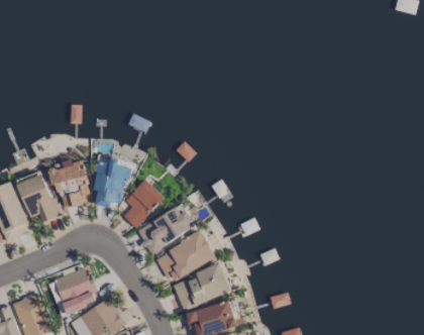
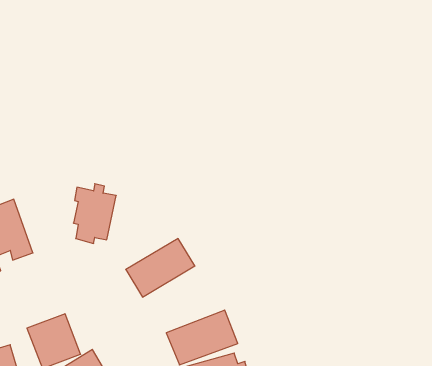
building: [55,160,91,207] -> none
building: [122,180,164,228] -> none
building: [155,231,216,283] -> none

